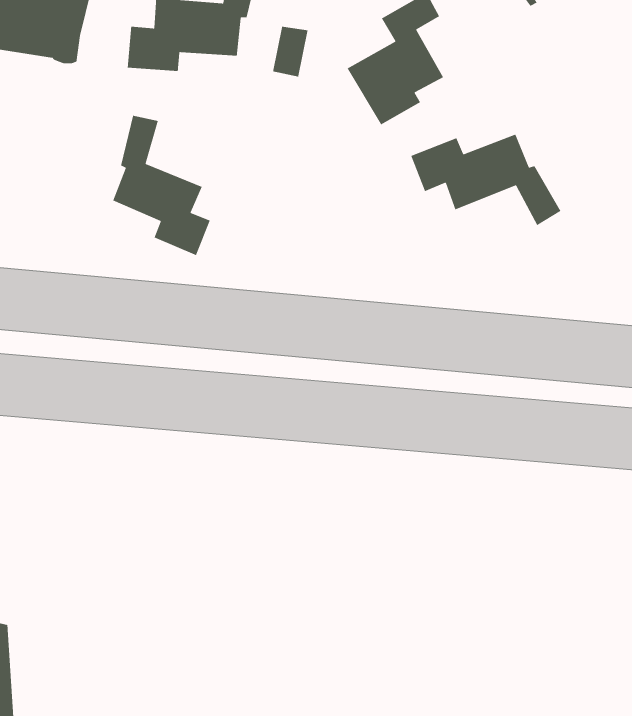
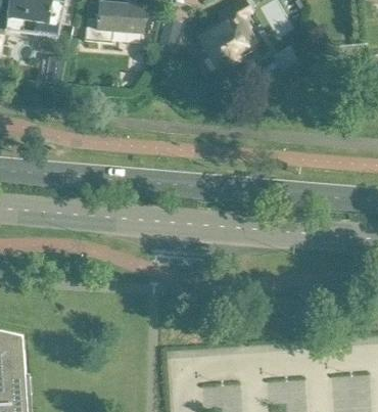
building: [112,115,211,256] -> none
building: [410,134,561,226] -> none

